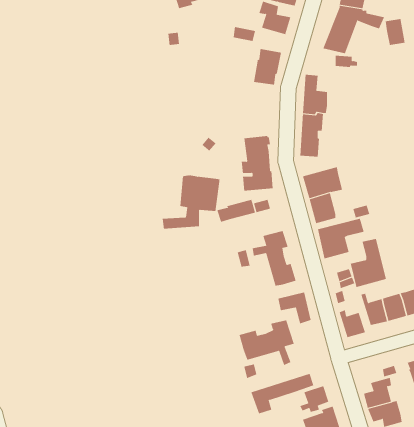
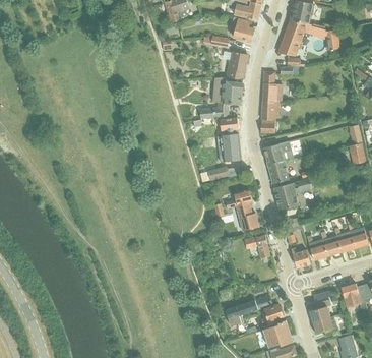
building: [162,175,220,229] -> [199,76,243,117]
building: [350,238,387,288] -> none
building: [239,320,294,366] -> none

